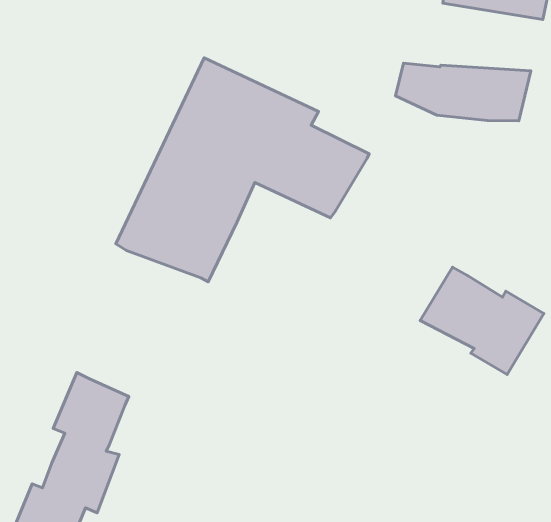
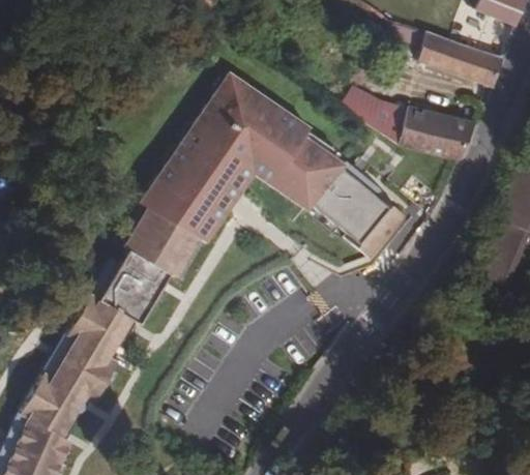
building: none -> [342,85,382,124]
building: none -> [104,207,201,323]
building: [420,267,544,374] -> [311,168,405,256]

